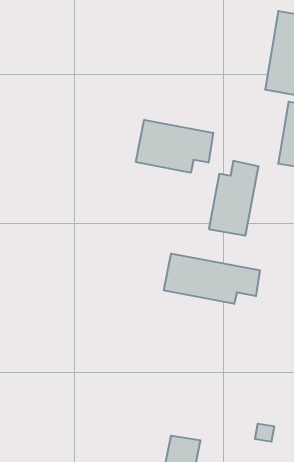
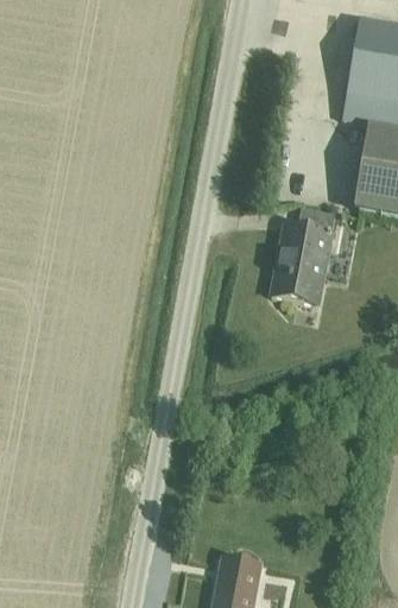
building: [136,120,213,173] -> none
building: [164,253,260,304] -> none

